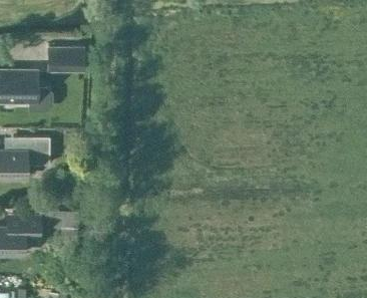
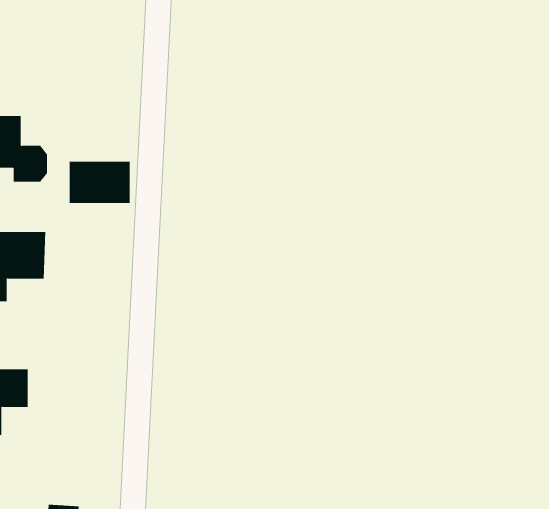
building: [48,47,83,71] -> [69,161,131,203]

